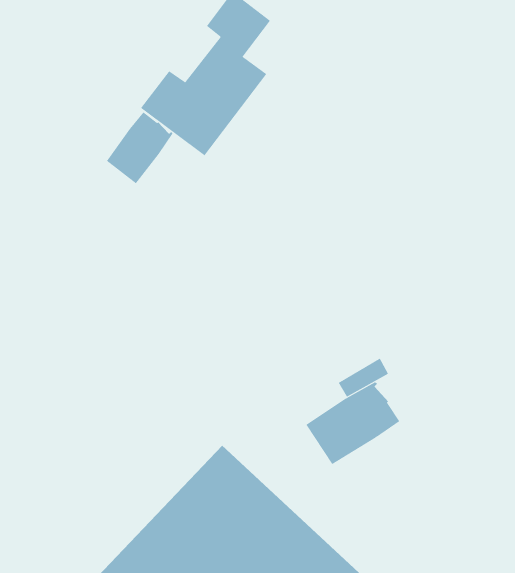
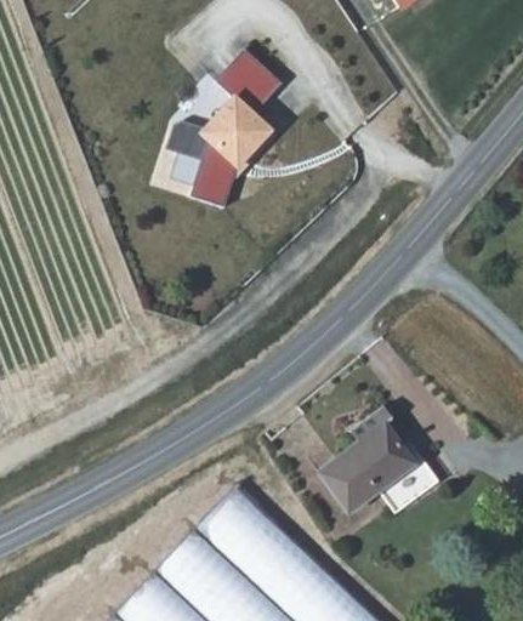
building: [106,111,173,184] -> none
building: none -> [385,439,443,512]

